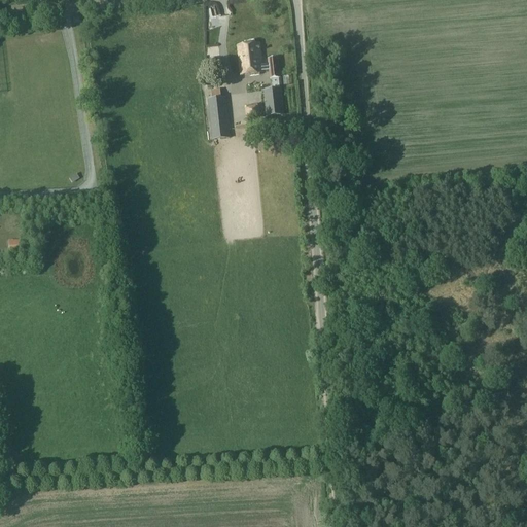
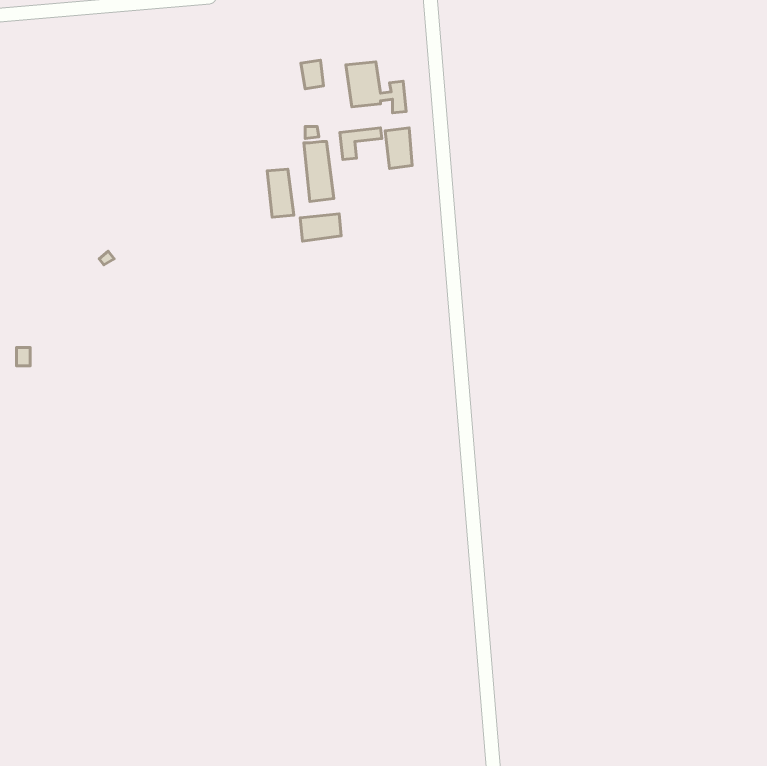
building: none -> [267,169,294,217]
building: none -> [300,214,341,241]

